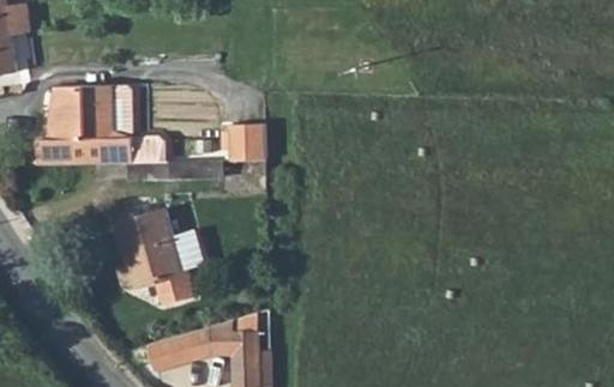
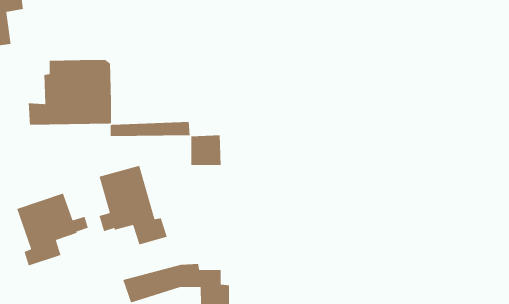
building: [230,123,266,159] -> [190,135,221,166]
building: none -> [16,193,89,266]

